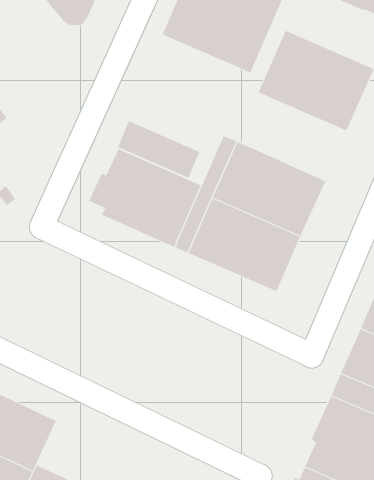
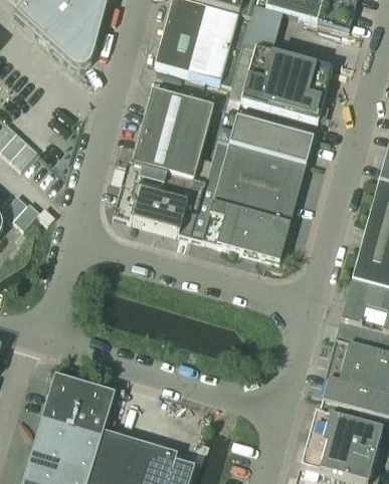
building: none -> [137,86,213,154]
building: none -> [228,113,313,163]

